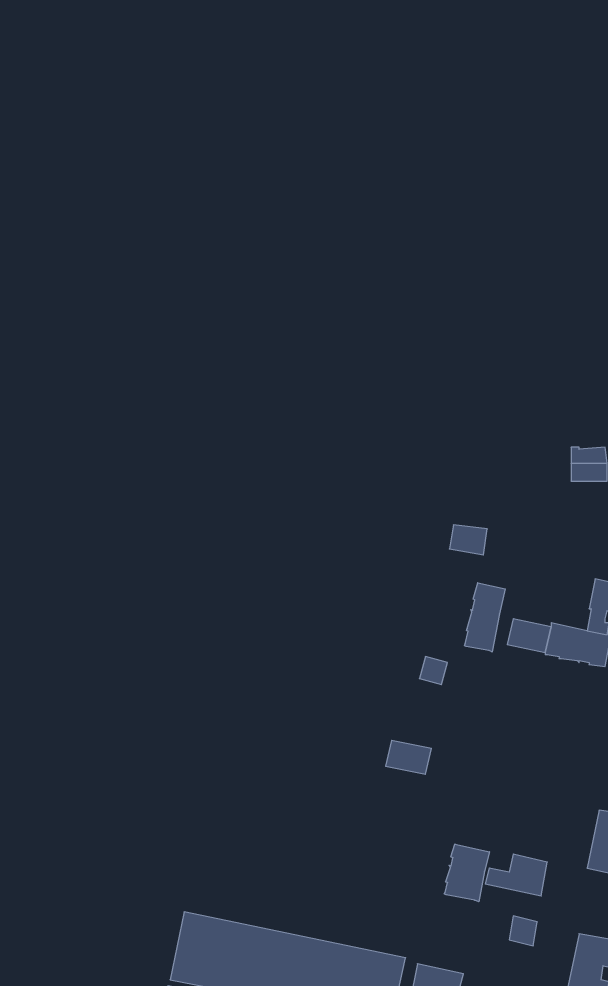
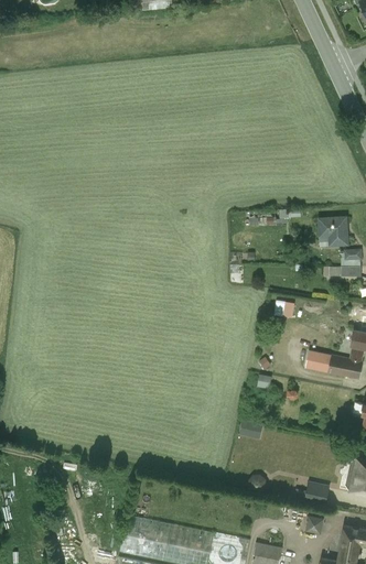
building: none -> [320,218,348,247]
building: [464,583,505,652] -> none
building: [444,844,489,902] -> none

